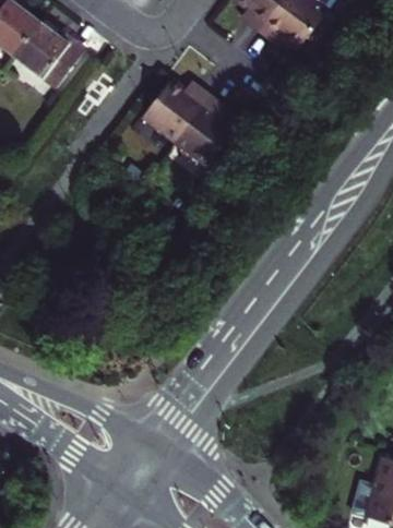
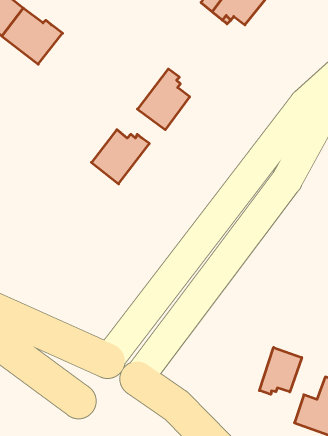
building: [135,77,203,141] -> [91,130,149,184]
building: none -> [259,347,302,394]

